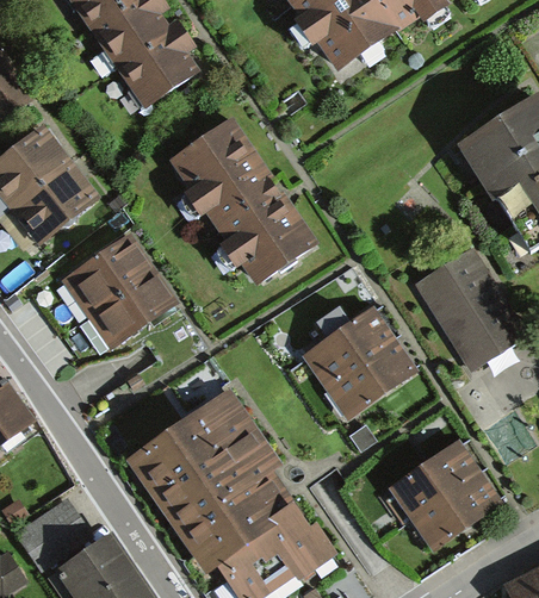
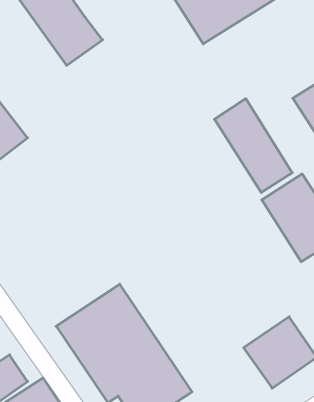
building: [169,120,318,286] -> none
building: none -> [214,99,292,193]
building: [61,233,176,349] -> none
building: [306,314,407,413] -> none

